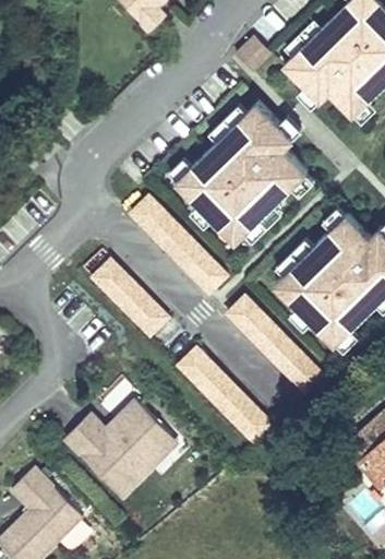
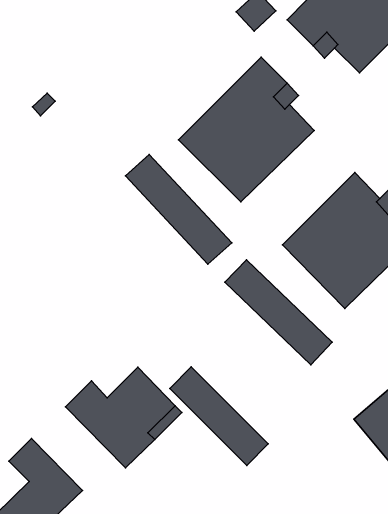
building: [88,257,171,340] -> none
building: [176,346,270,441] -> [170,367,268,465]

